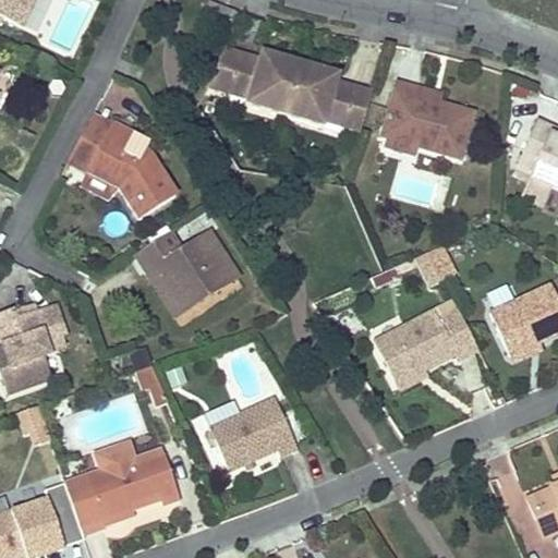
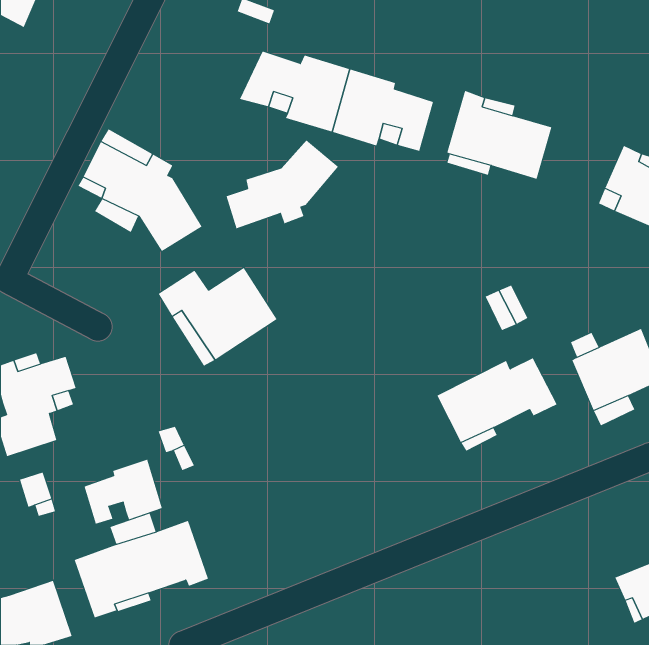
building: none -> [226,139,339,229]
building: none -> [84,459,163,525]
building: [208,397,296,469] -> none

